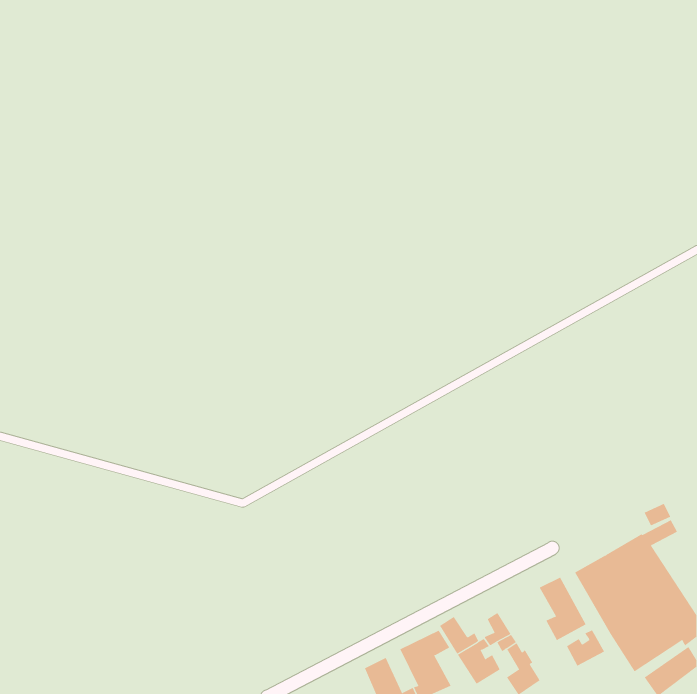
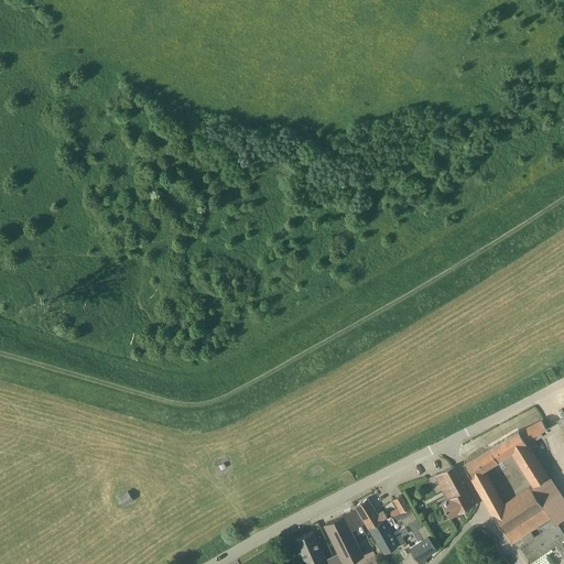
building: [566,629,605,666] -> none

